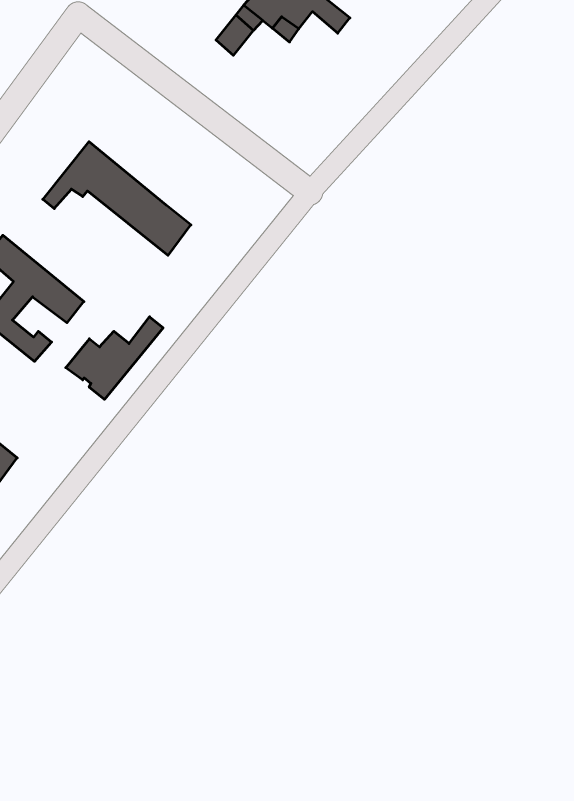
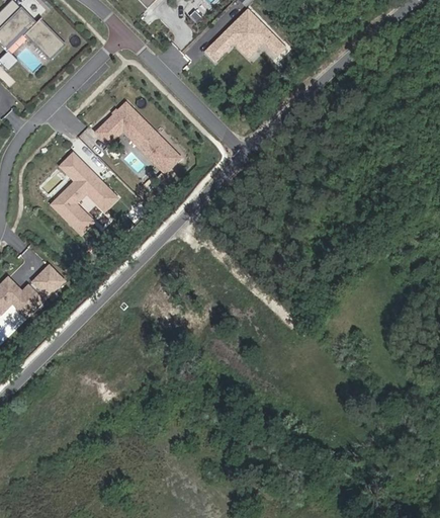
building: [66,317,163,399] -> none

